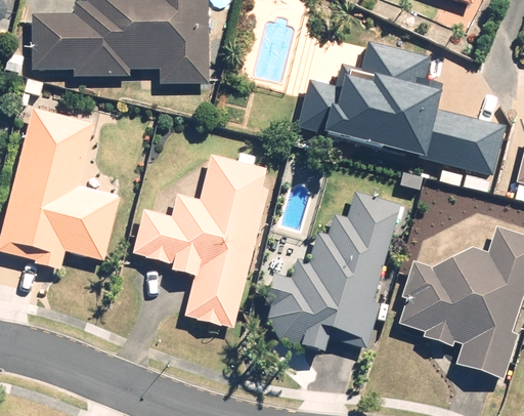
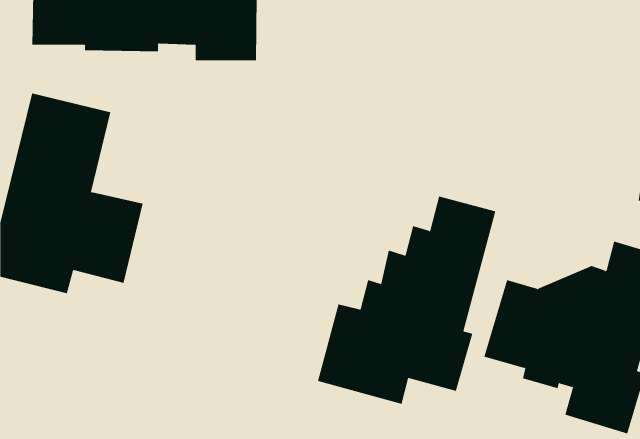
building: [301,43,505,171] -> none
building: [134,157,270,327] -> none

